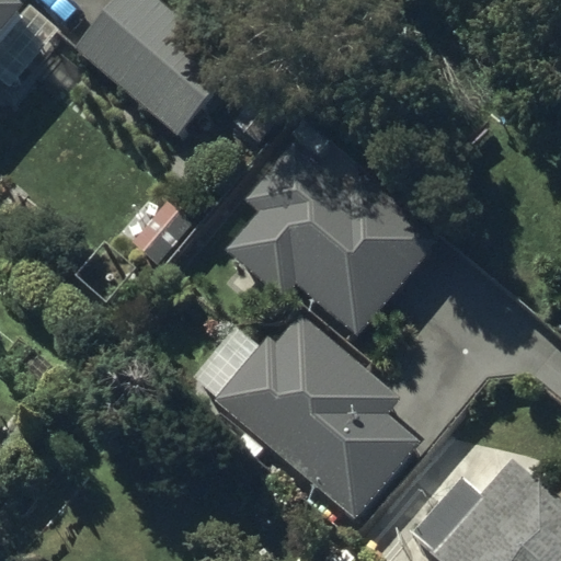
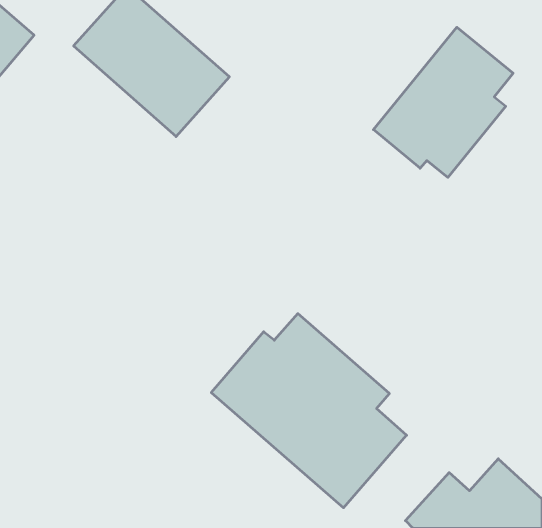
building: none -> [373,27,513,177]
building: [230,141,434,340] -> none

